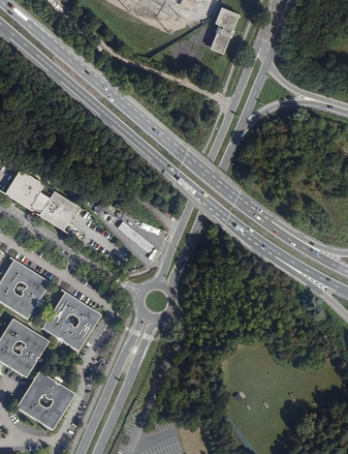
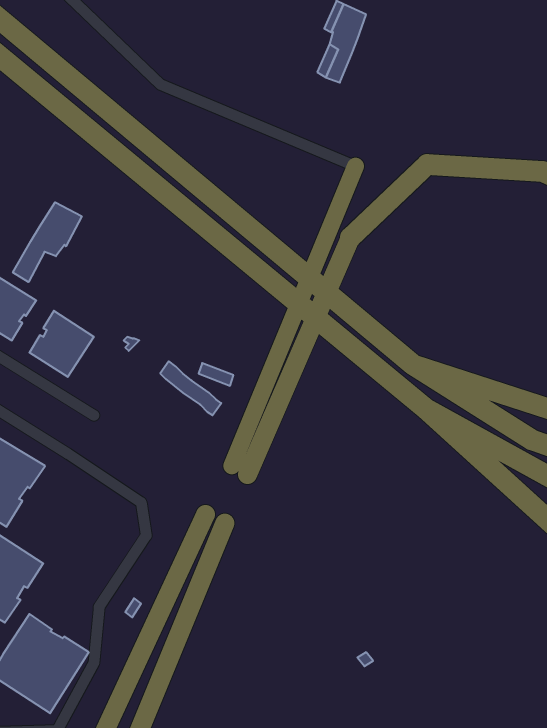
building: none -> [13,202,82,282]
building: [41,292,99,351] -> none

